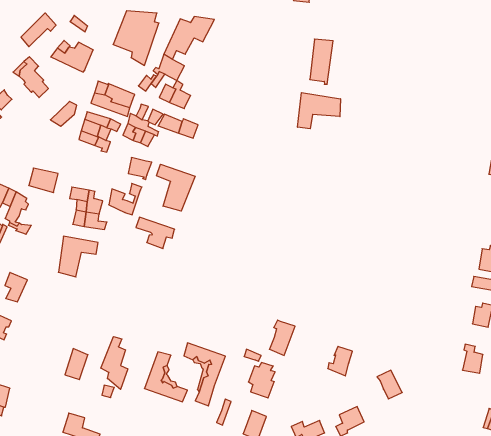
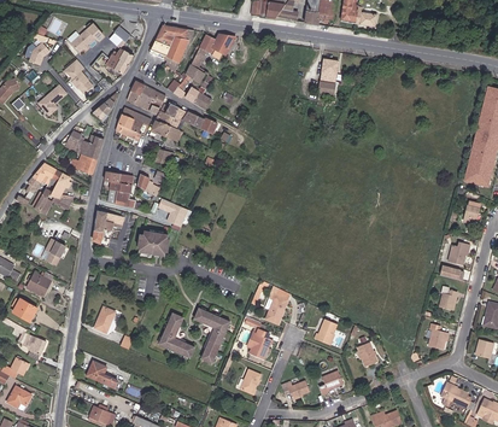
building: [298,93,340,129] -> none
building: none -> [66,130,104,158]
building: [157,164,195,211] -> none
building: none -> [140,230,170,257]
building: [101,337,128,389] -> none

